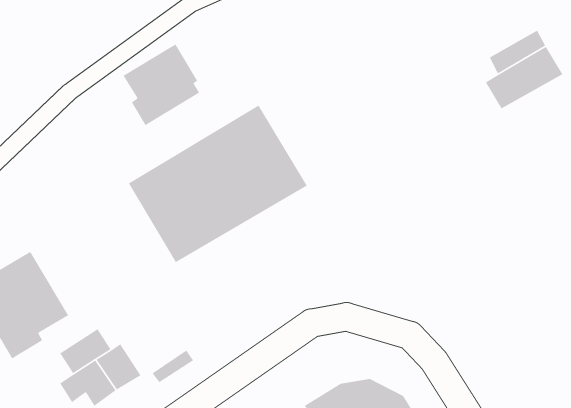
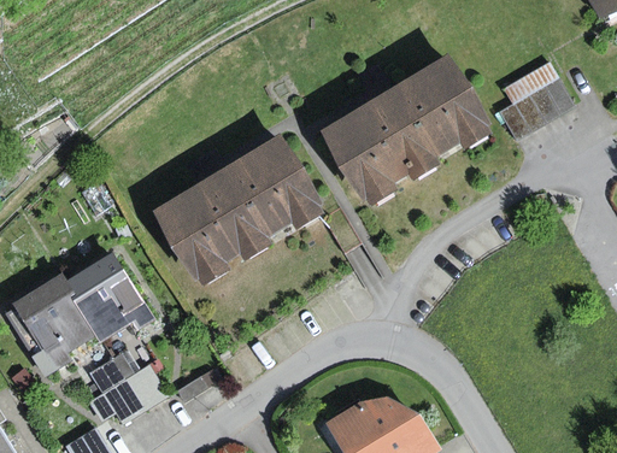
building: none -> [322,55,494,207]
building: [122,44,200,126] -> none
building: none -> [63,249,153,341]

